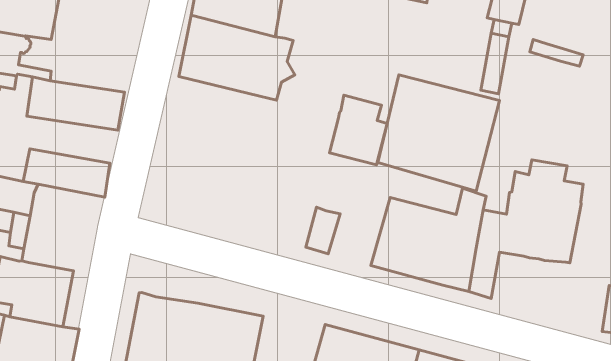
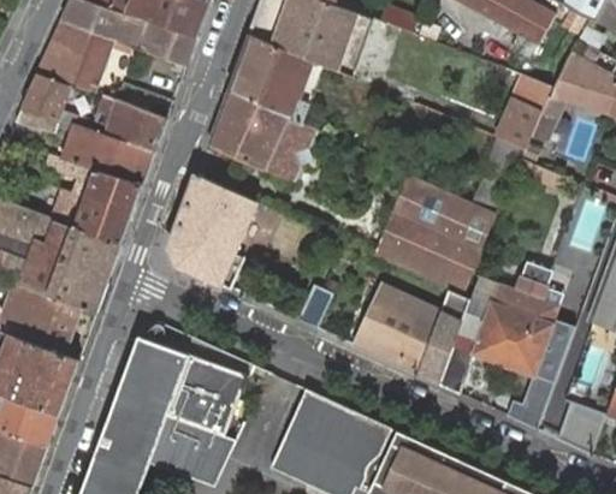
building: none -> [88,94,166,150]
building: [329,95,387,165] -> none
building: none -> [168,173,254,288]
building: none -> [45,154,142,213]
building: none -> [41,221,120,311]
building: none -> [505,319,571,424]

